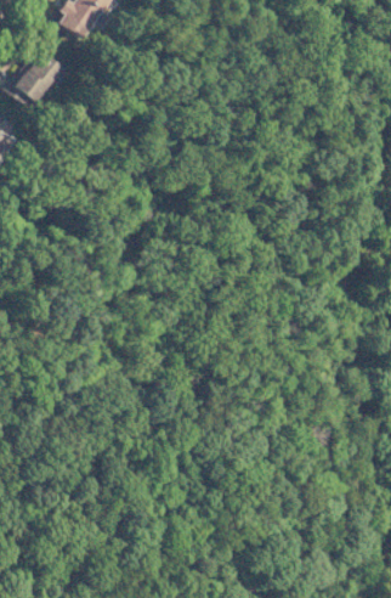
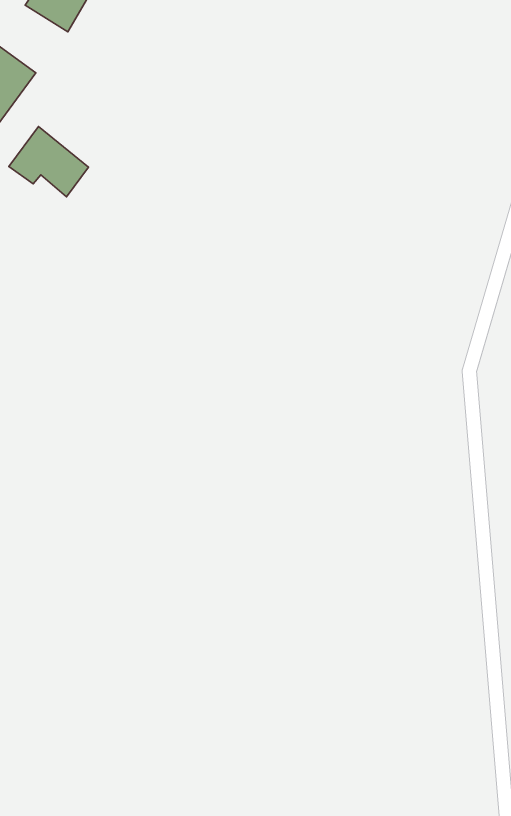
building: none -> [9,127,89,197]

